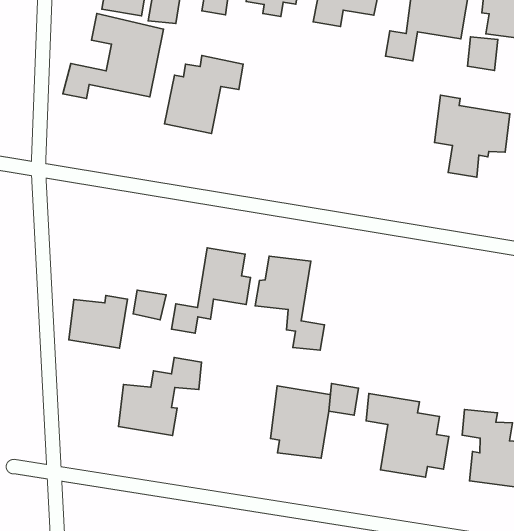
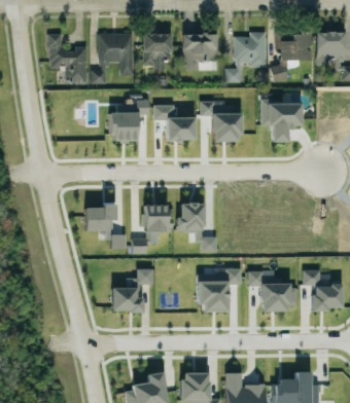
building: [63,13,164,99] -> none
building: none -> [152,105,194,141]
building: none -> [200,101,239,142]
building: [69,296,128,348] -> [83,203,113,230]

